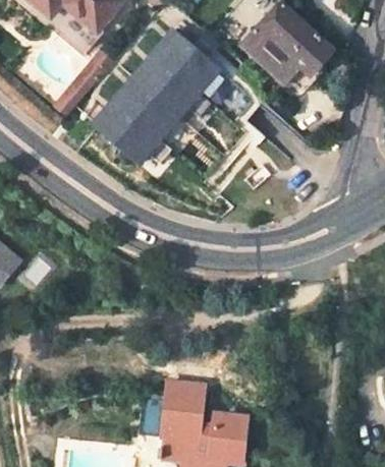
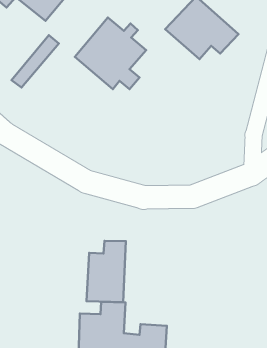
building: [93,76,178,164] -> none
building: none -> [87,241,126,302]

